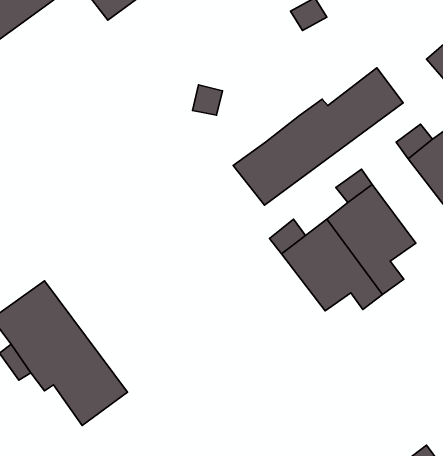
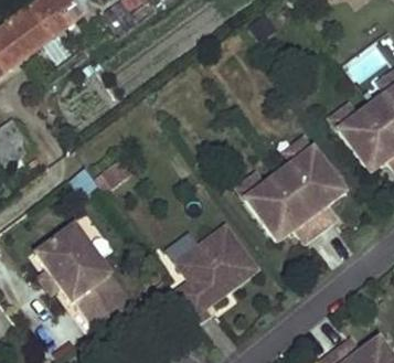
building: [233,68,403,205] -> none
building: none -> [177,227,257,322]

